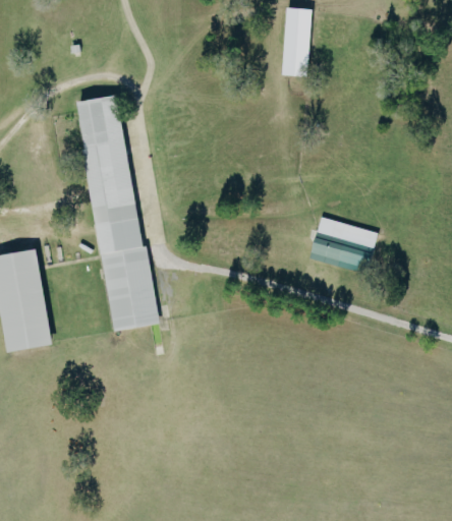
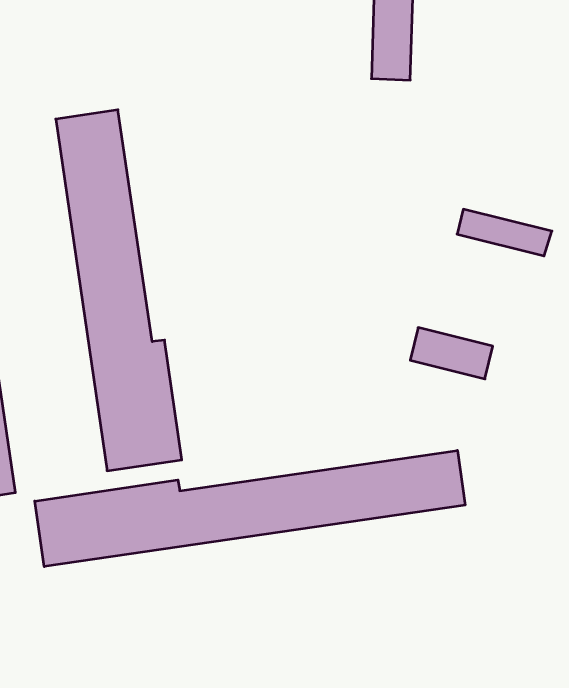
building: [318,217,380,247] -> [457,209,552,256]
building: none -> [35,450,465,567]

